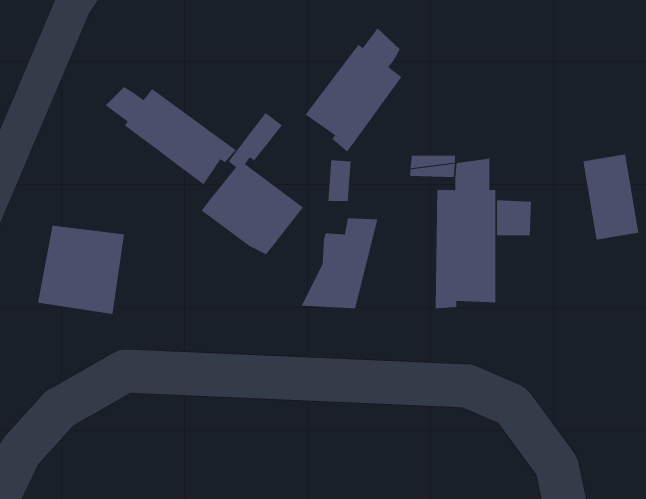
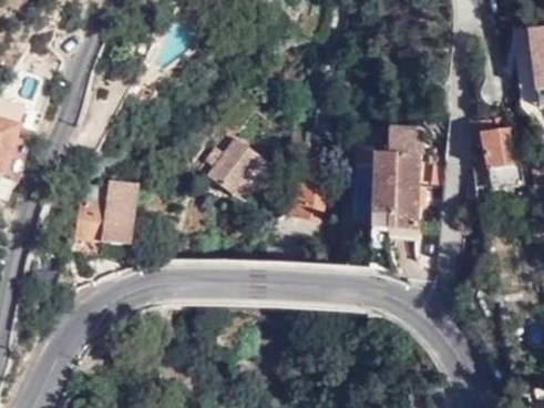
building: [305,27,402,152] -> none
building: [105,86,236,185] -> none

